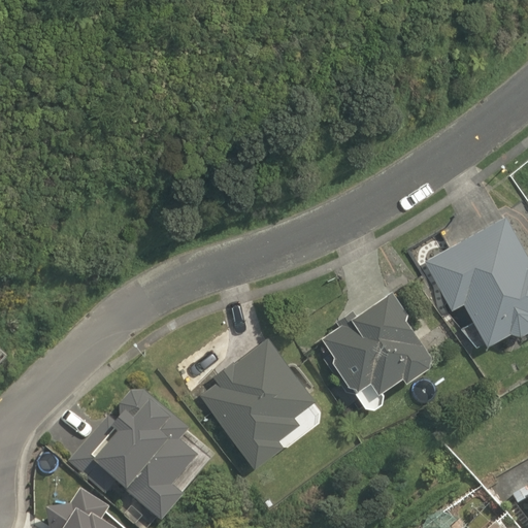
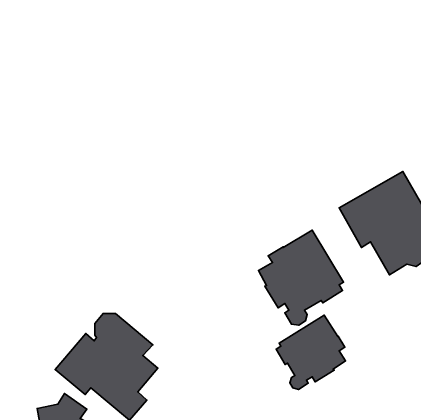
building: [203,337,315,467] -> none
building: none -> [276,315,346,390]

